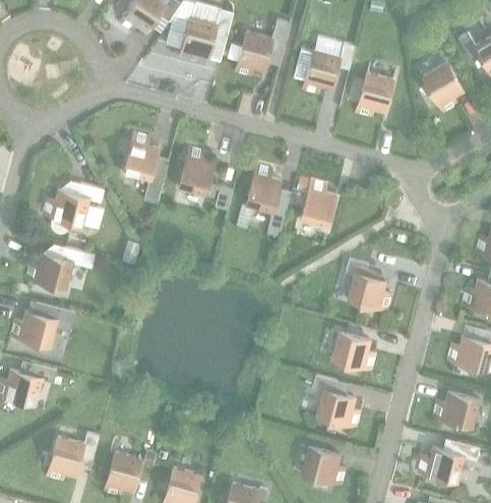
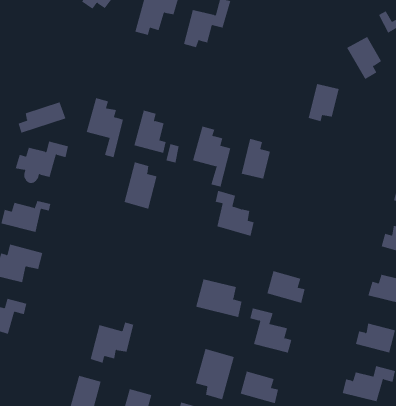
building: [302,51,340,96] -> none
building: [356,74,392,118] -> [308,84,340,122]
building: none -> [18,101,66,133]
building: none -> [124,162,157,209]
building: [345,259,390,312] -> [215,190,255,236]
building: none -> [196,279,242,318]
building: none -> [195,348,234,400]
building: [47,435,98,483] -> [90,322,134,364]

